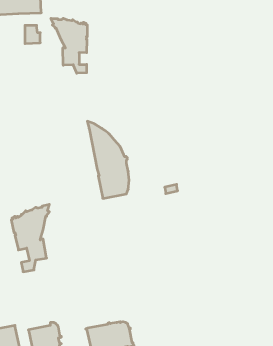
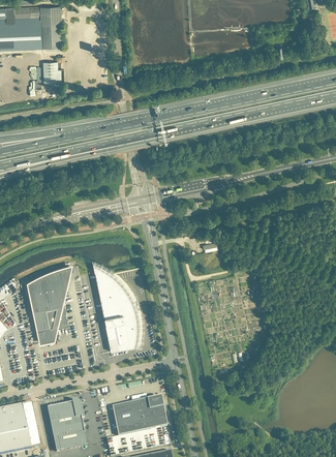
building: [51,18,87,73] -> none
building: [87,121,129,198] -> [92,264,140,352]

